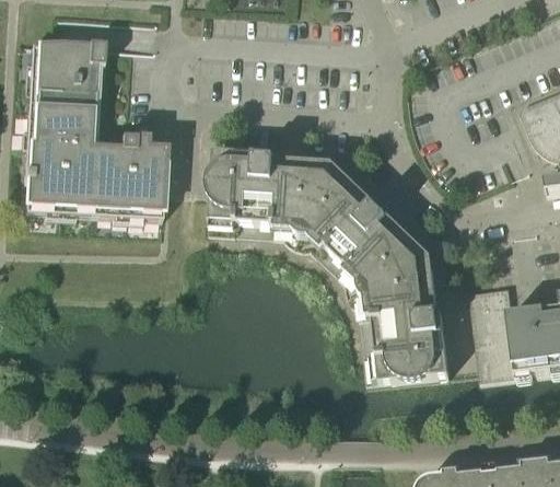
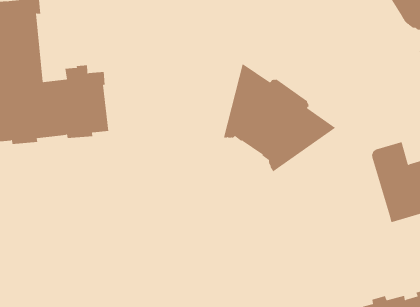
building: [212,150,336,247] -> none
building: [352,256,453,383] -> none

